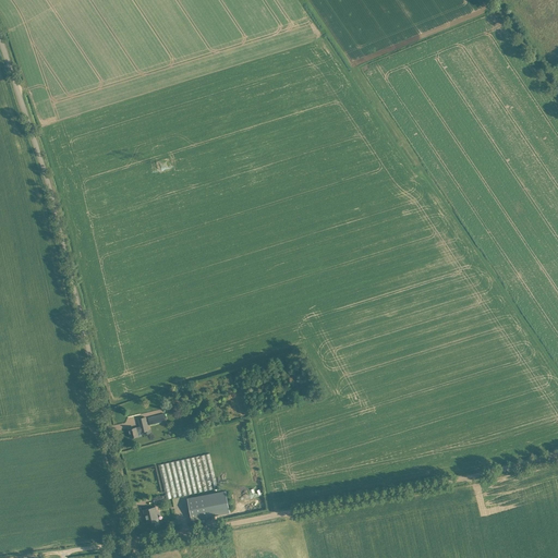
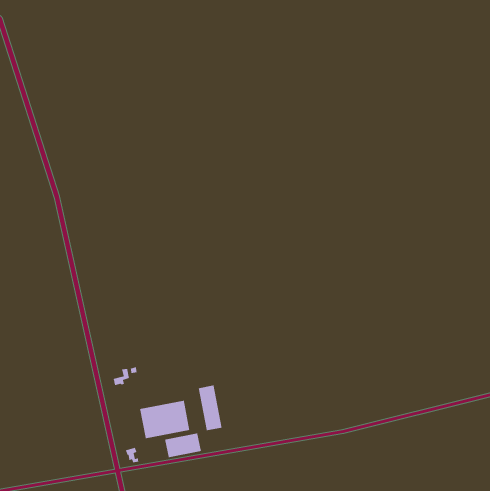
building: none -> [198,385,222,431]

